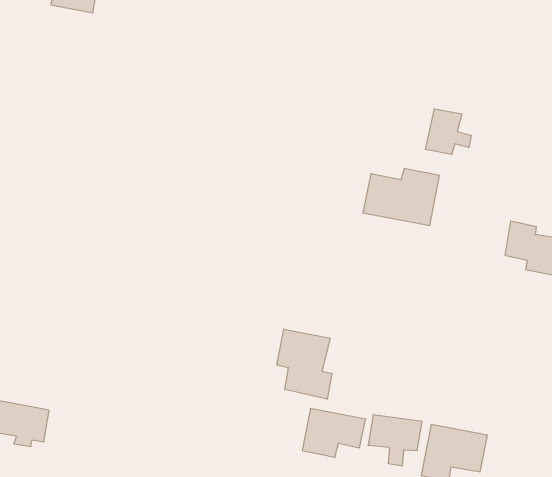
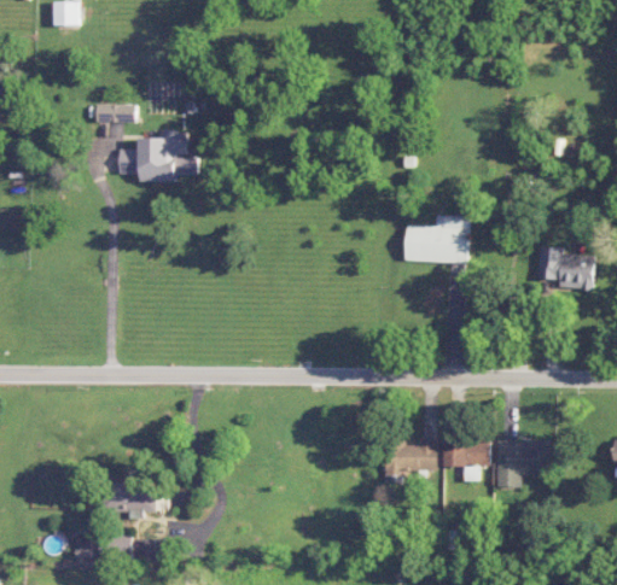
building: none -> [118,131,197,182]
building: [425,109,471,155] -> none
building: [277,329,332,399] -> none

